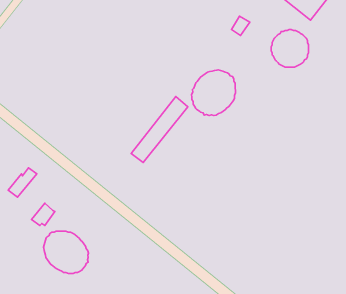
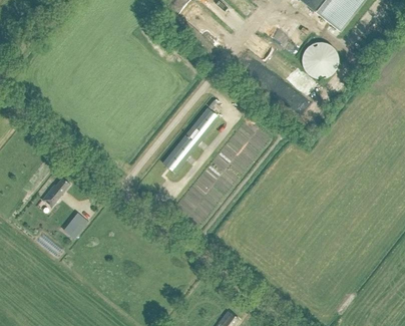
building: [192,70,236,116] -> none
building: [43,231,88,274] -> none

